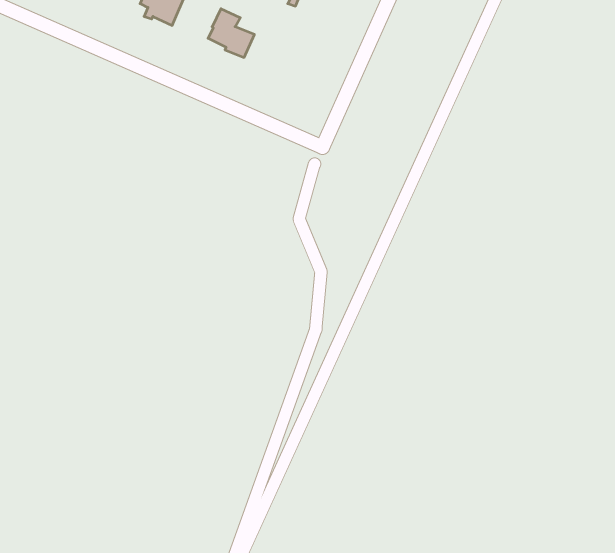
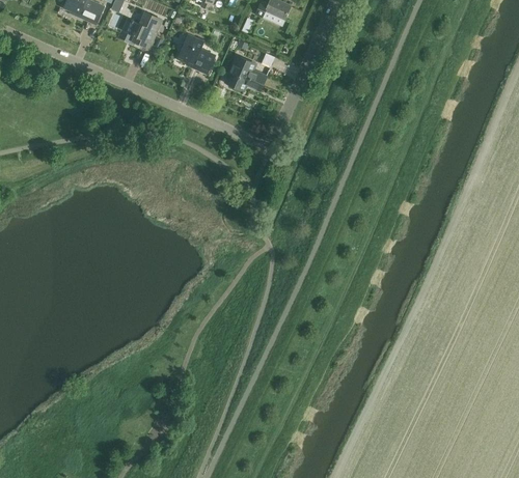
building: none -> [229,55,266,90]

